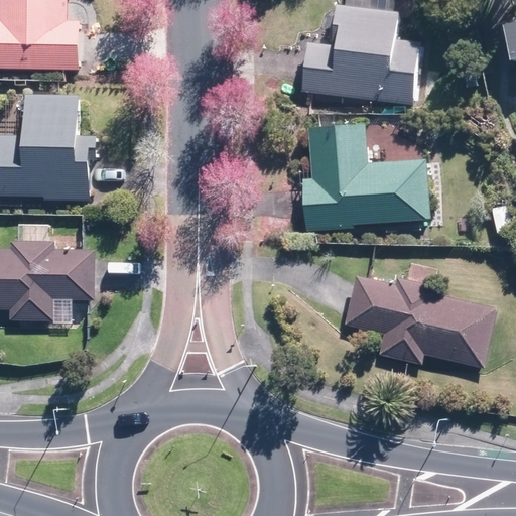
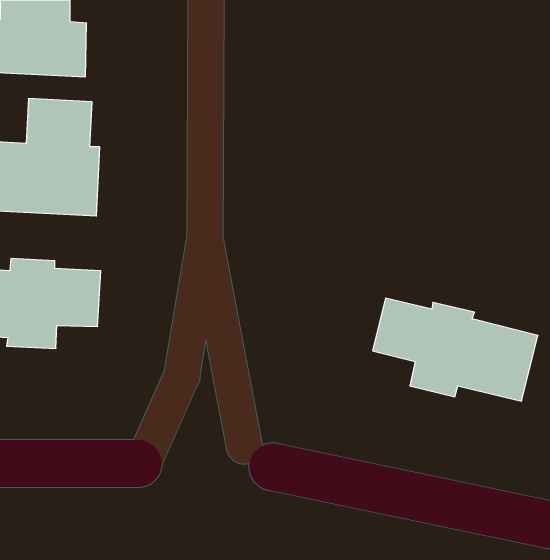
building: [303,6,420,102] -> none
building: [300,123,428,228] -> none

